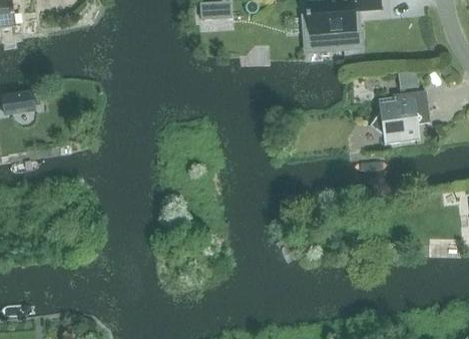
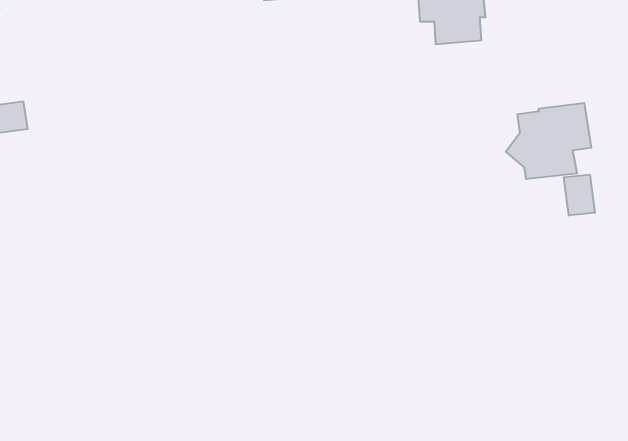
building: none -> [564,175,595,216]

